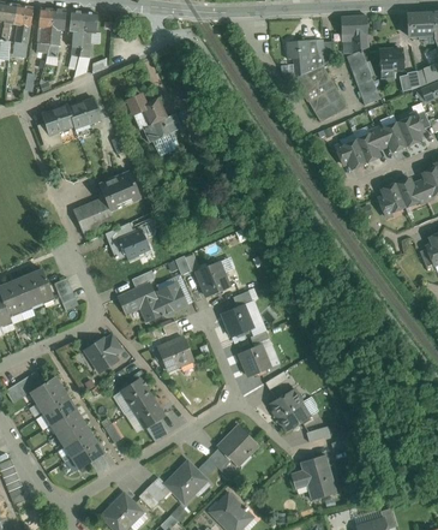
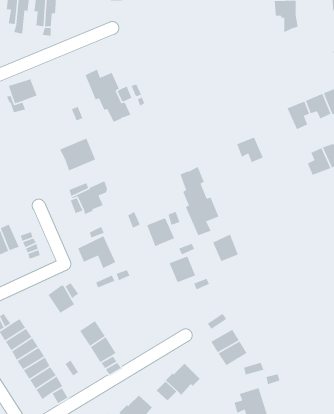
building: [286,41,316,78] -> none
building: [346,49,380,105] -> none
building: [379,49,402,78] -> none
building: [304,79,347,121] -> none
building: [67,99,101,127] -> none
building: [335,139,366,169] -> [236,137,264,163]
building: [73,197,113,232] -> none
building: none -> [180,166,220,236]
building: [156,284,186,315] -> none
building: [158,337,193,370] -> none
building: [240,344,270,376] -> [212,234,239,262]

